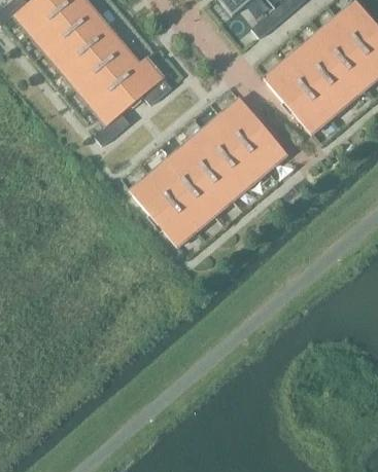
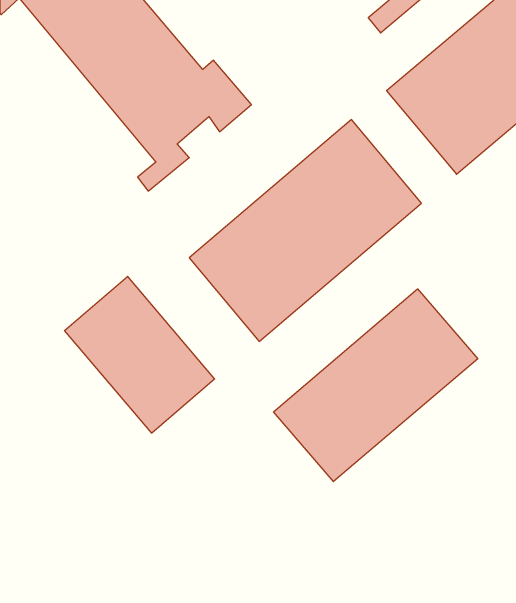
building: none -> [65,276,215,433]
building: none -> [274,289,478,482]

